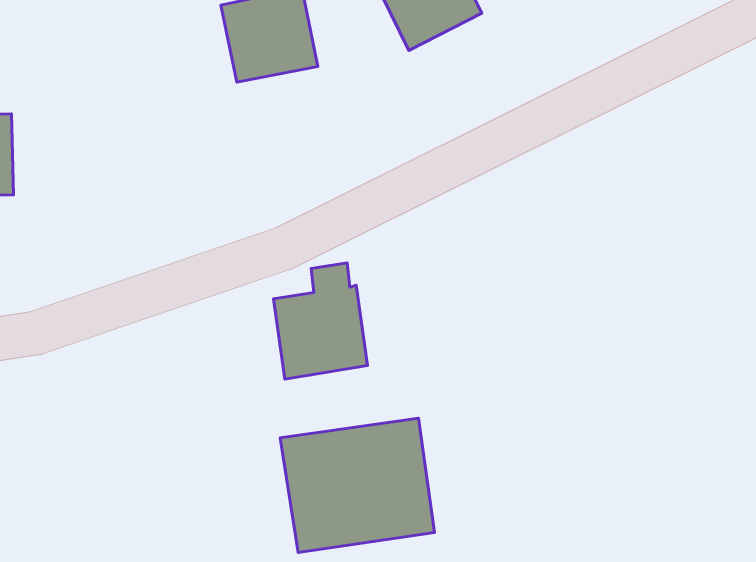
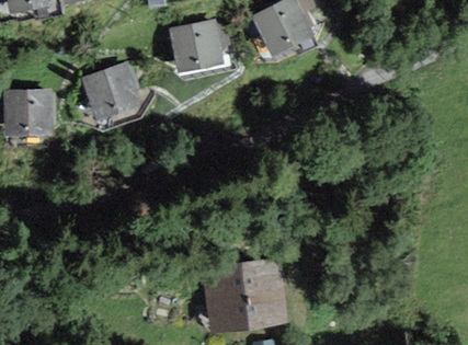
building: none -> [81,62,141,120]
building: [273,263,368,379] -> none

